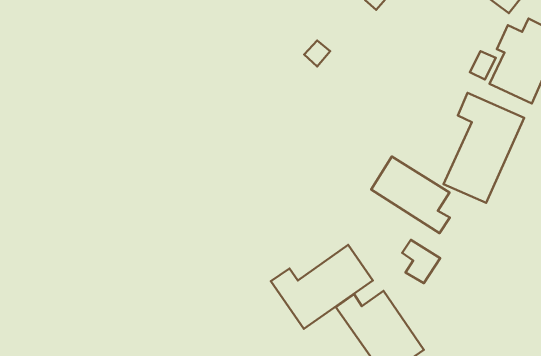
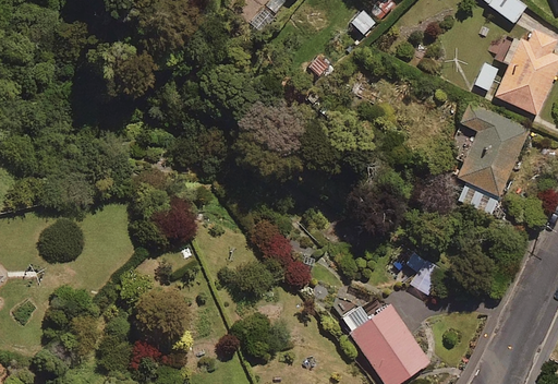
building: [371,156,450,233] -> none
building: [271,245,373,329] -> none

